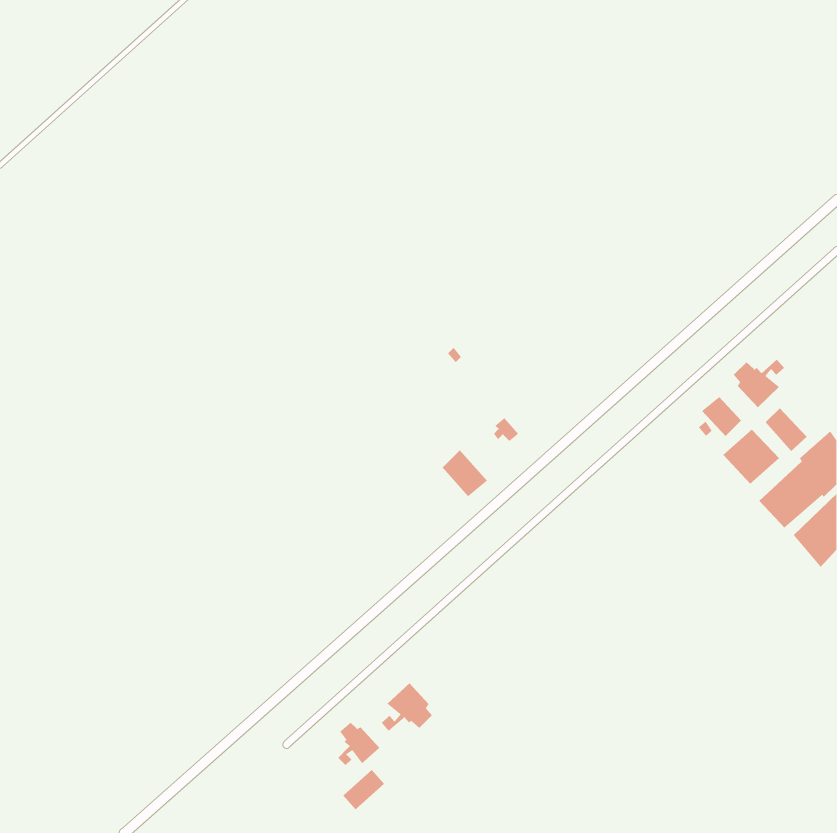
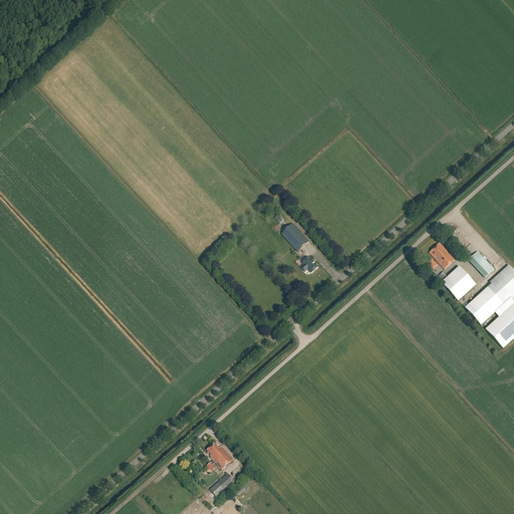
building: [733,359,785,408] -> none
building: [442,450,488,497] -> [281,222,309,251]
building: [381,682,433,732] -> none

